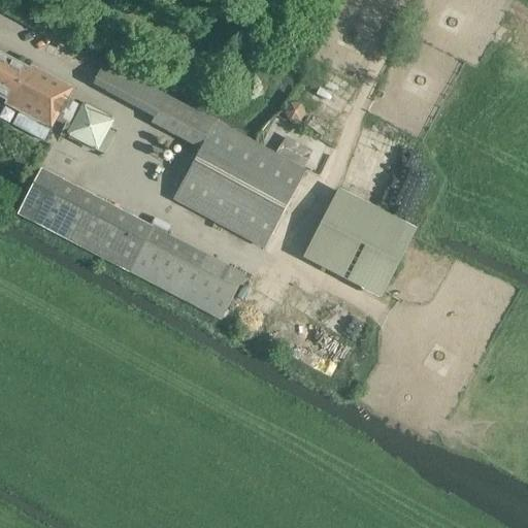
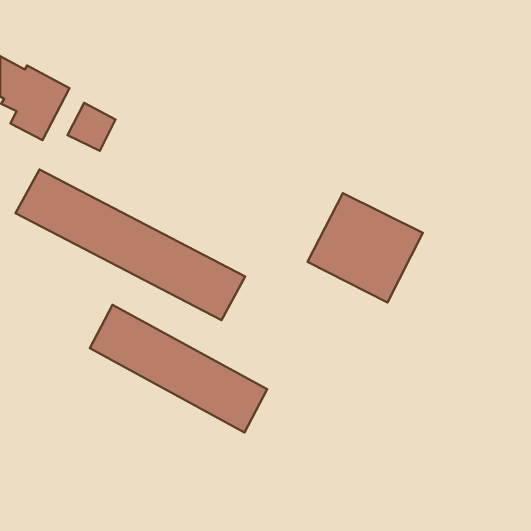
building: [93,61,307,245] -> none
building: none -> [90,305,267,432]

